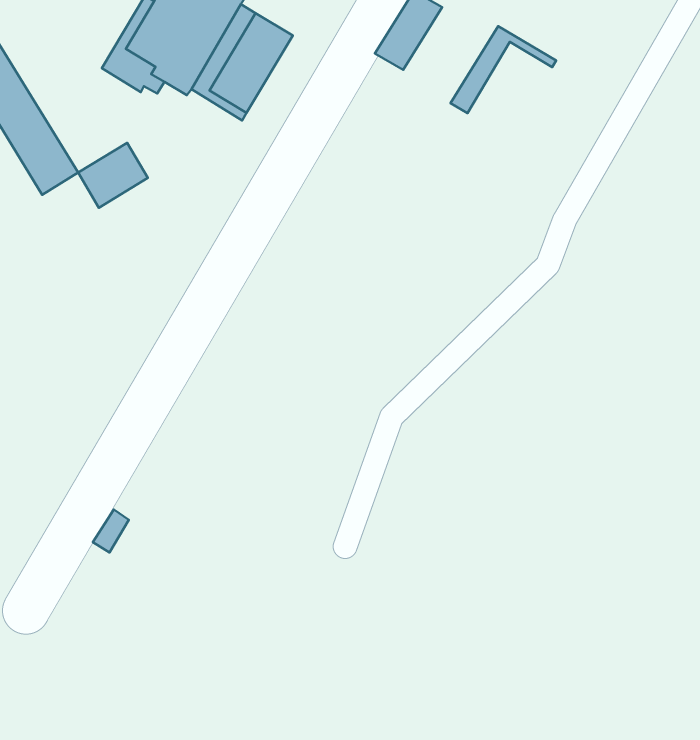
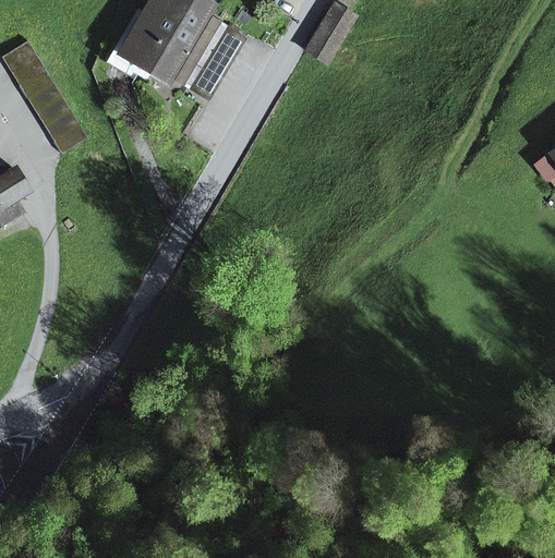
building: [451,26,556,113] -> none
building: [78,143,148,208] -> none

